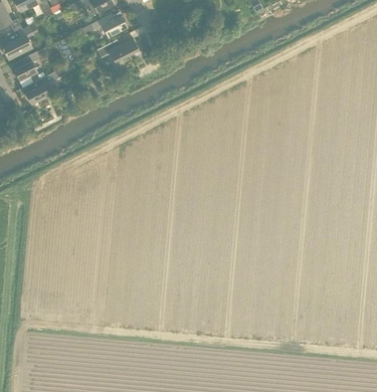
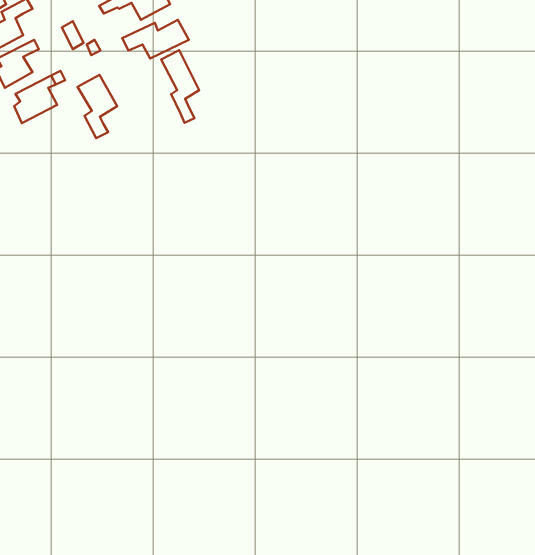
building: none -> [161,50,199,123]
building: none -> [78,75,117,138]

